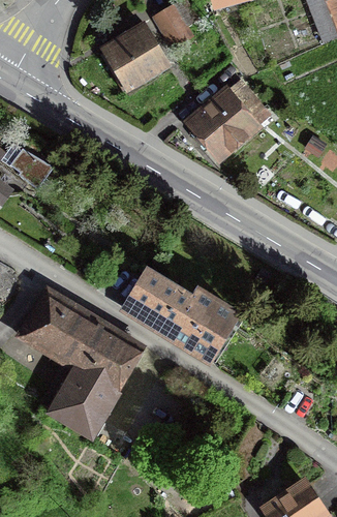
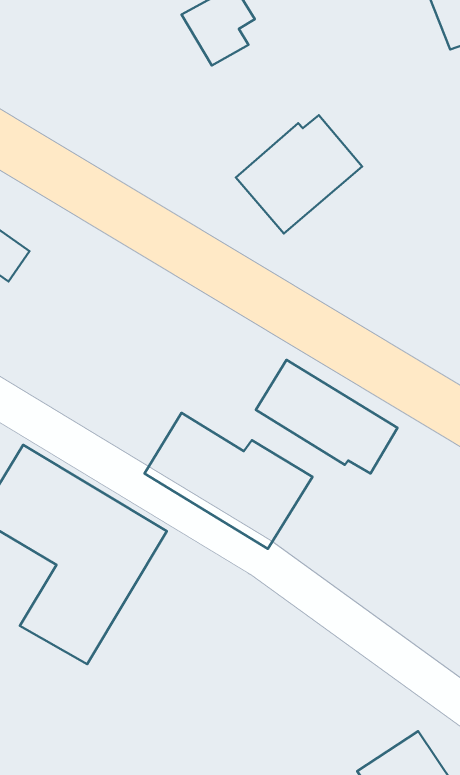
building: [98,22,173,96] -> none
building: none -> [256,360,398,474]

